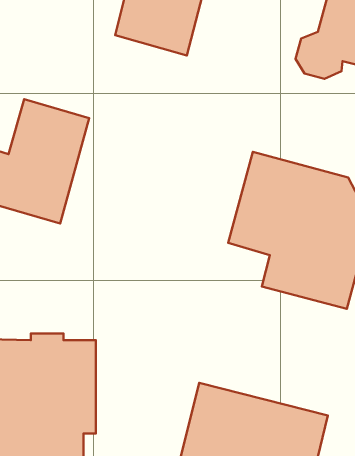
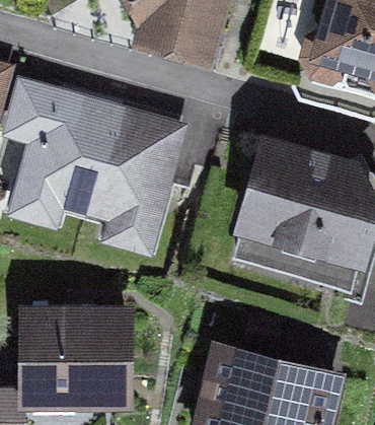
building: none -> [92,109,179,220]

